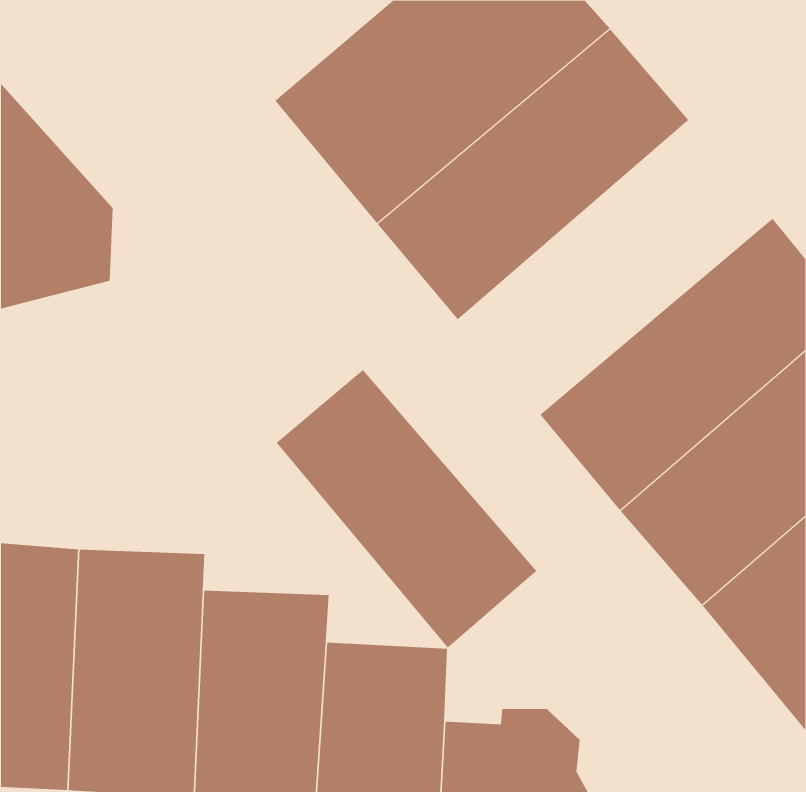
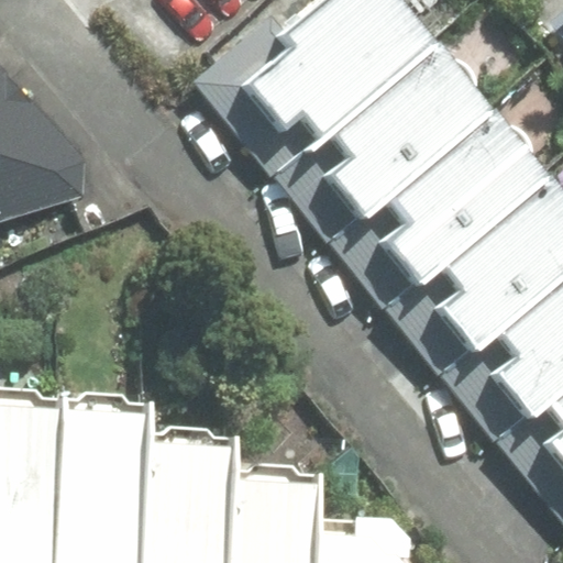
building: none -> [319,93,539,299]
building: [276,369,537,648] -> none

